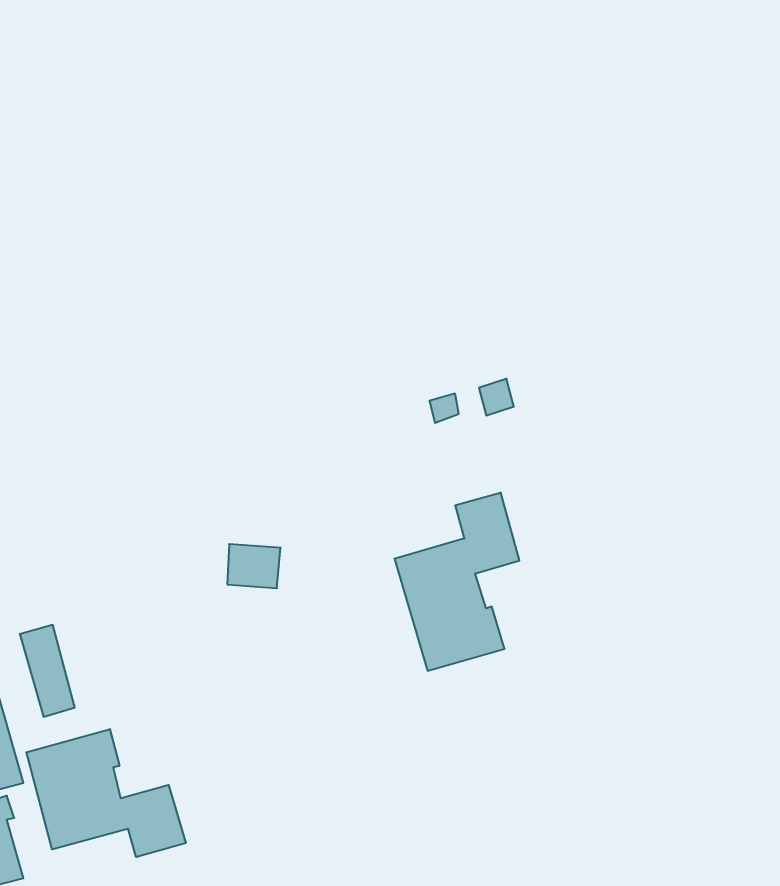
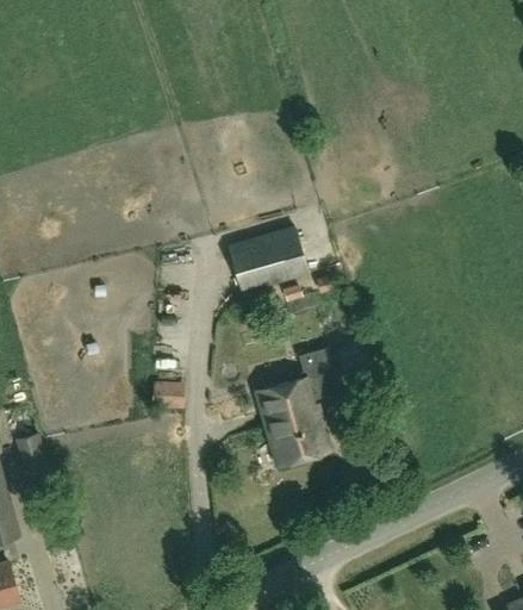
building: none -> [230,228,307,291]
building: [26,729,186,857] -> none

